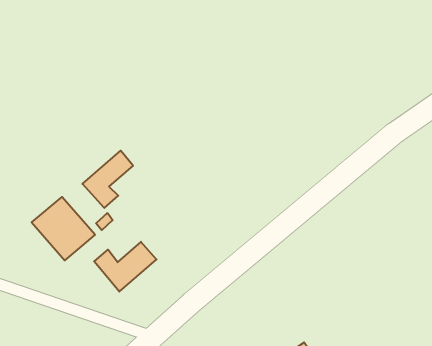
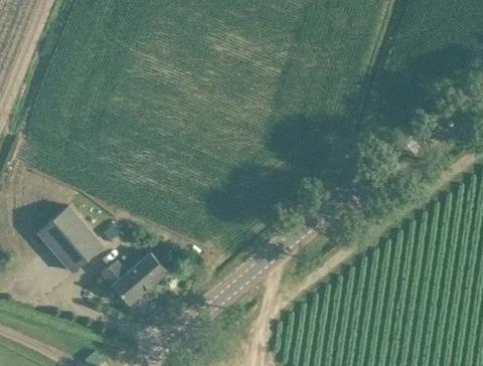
building: [82,151,133,208] -> none

